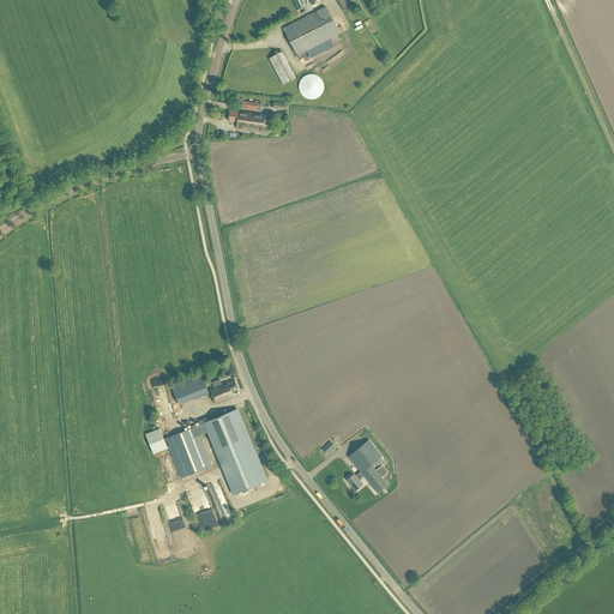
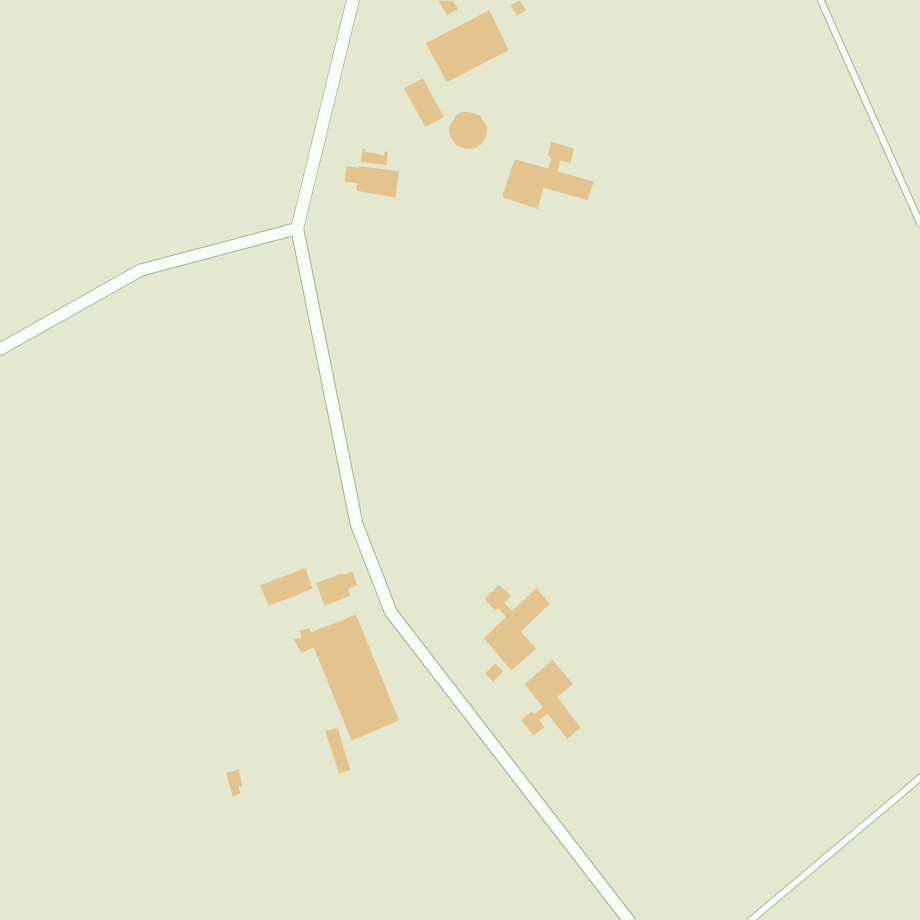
building: none -> [501,141,594,210]
building: none -> [483,584,551,671]
building: [146,425,211,477] -> none

